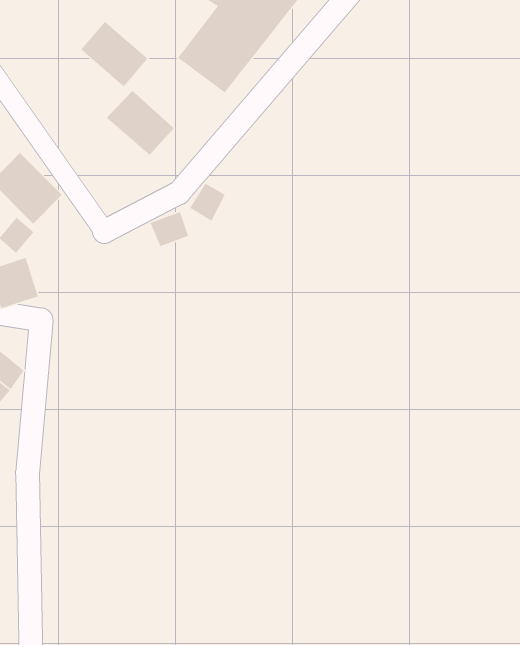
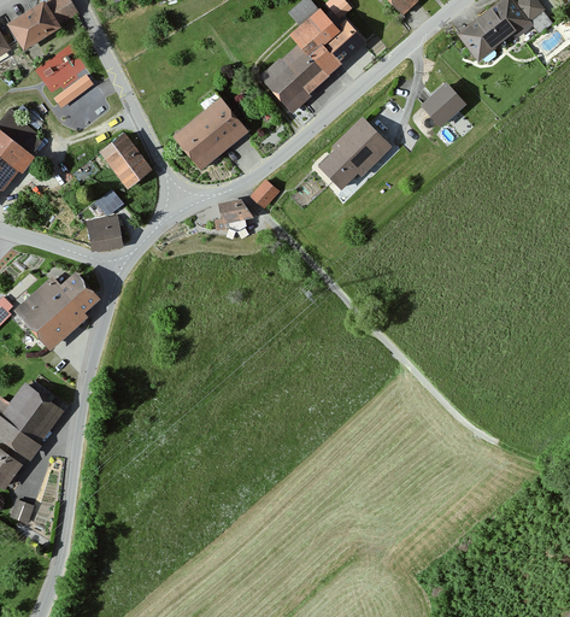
building: [80,21,148,88] -> [172,117,224,171]
building: none -> [422,82,465,125]
building: none -> [315,118,388,192]

